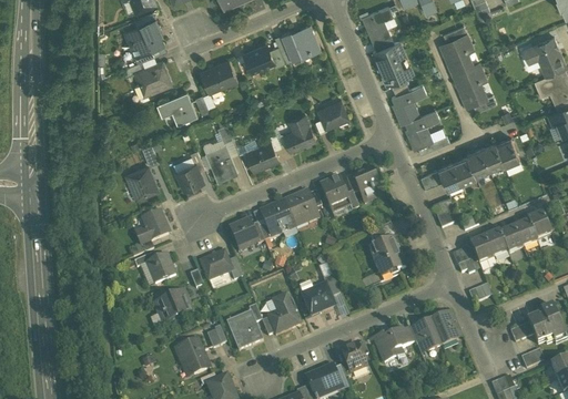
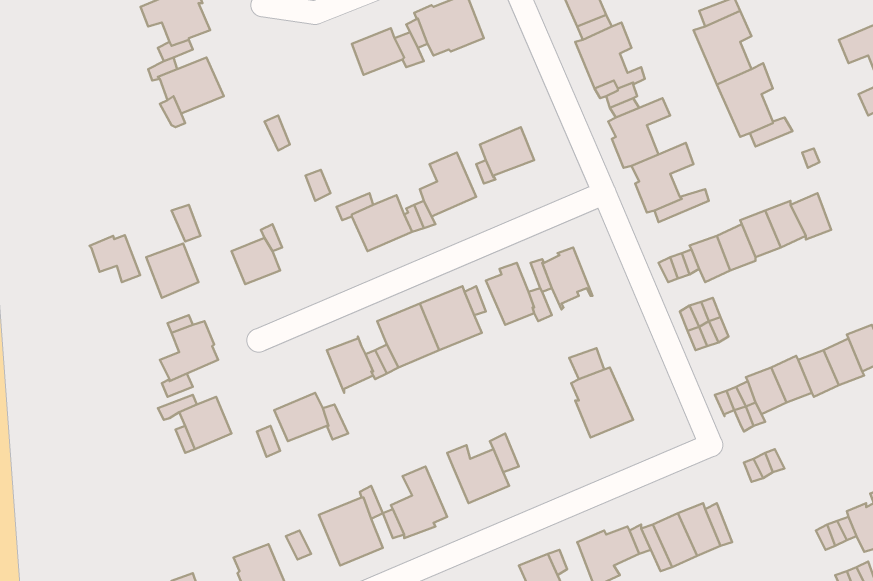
building: [200,59,236,92] -> none
building: [158,91,196,122] -> none
building: [205,144,236,181] -> none
building: none -> [89,235,140,282]
building: [153,290,189,321] -> none

